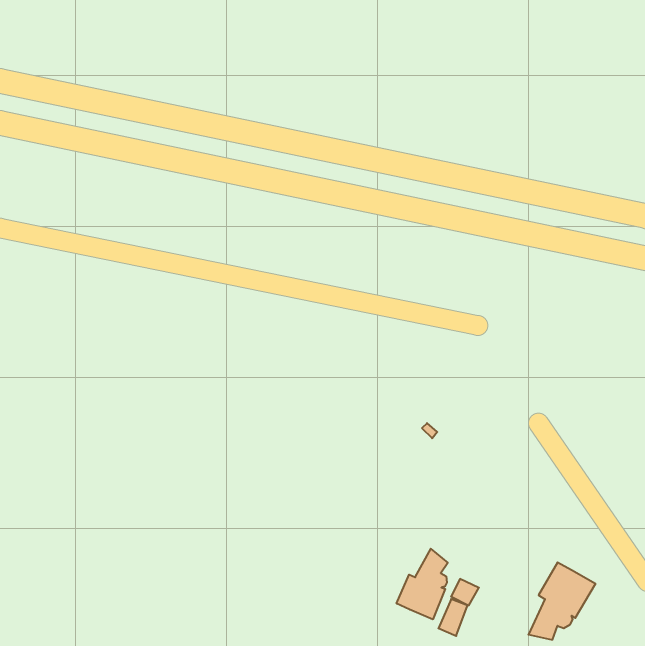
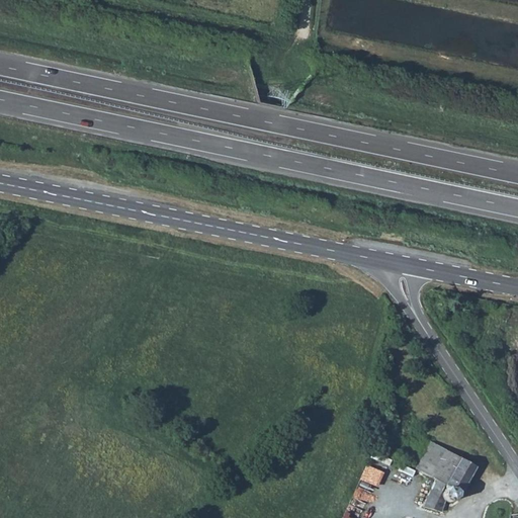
building: [397,549,448,619] -> none
building: none -> [417,441,447,477]

